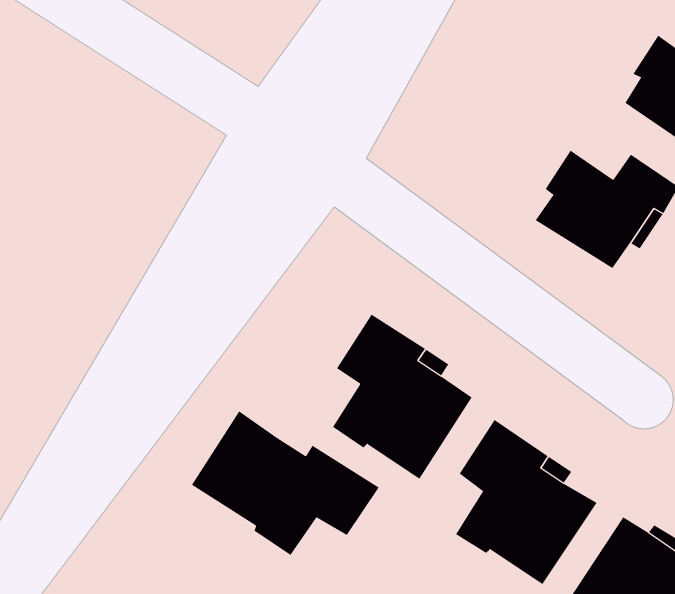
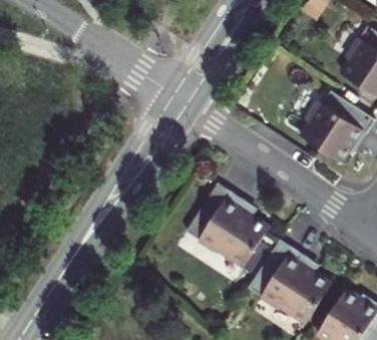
building: [191,410,380,556] -> none

